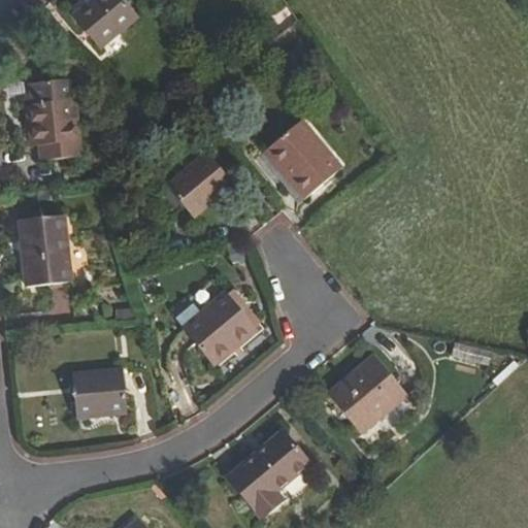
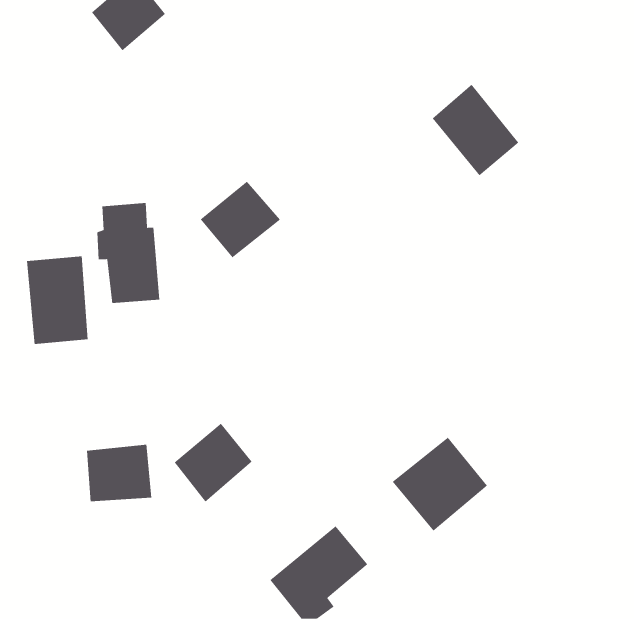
building: [30,74,82,158] -> [97,202,160,303]
building: [266,118,338,194] -> [432,84,519,176]
building: [189,302,254,368] -> [174,423,252,503]

